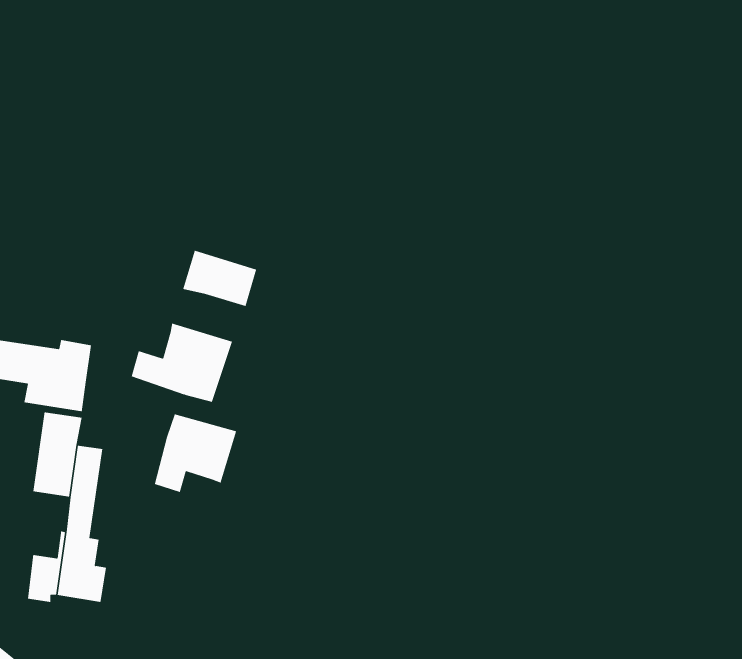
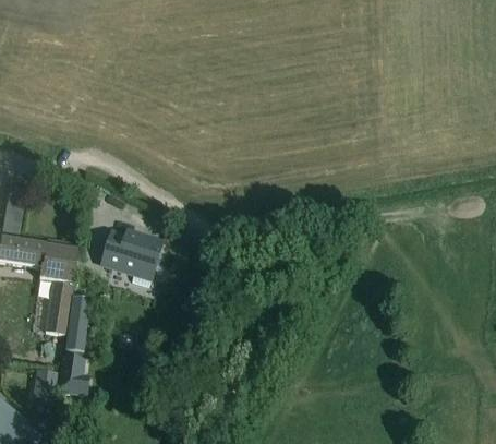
building: [182,250,257,307] -> none
building: [154,413,237,493] -> none

